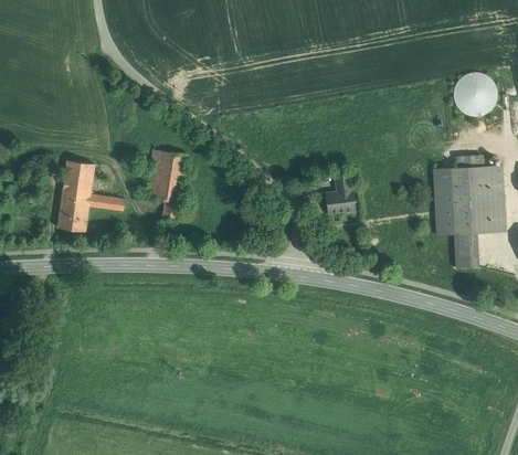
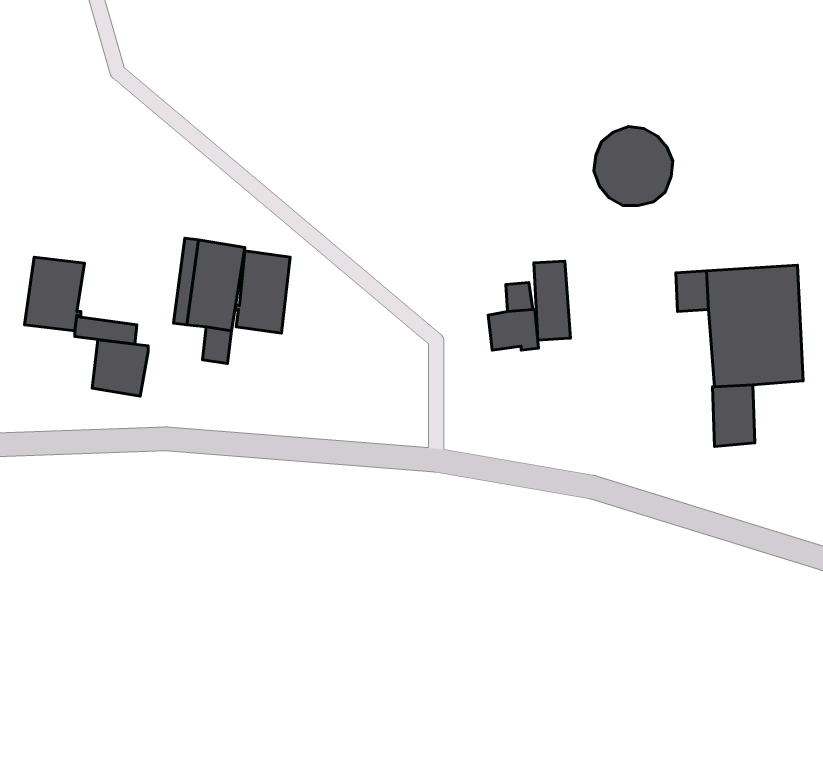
building: [453,72,498,117] -> [594,126,673,206]
building: none -> [235,251,290,333]
building: [434,191,455,236] -> [534,261,571,340]
building: [57,200,89,232] -> [92,340,148,396]

